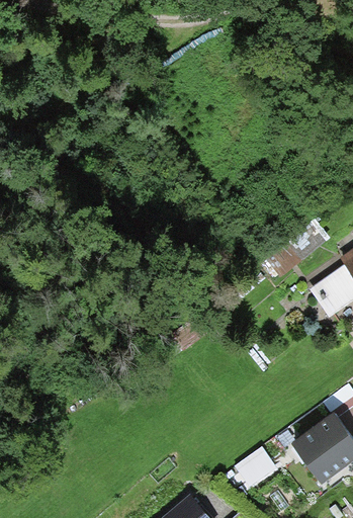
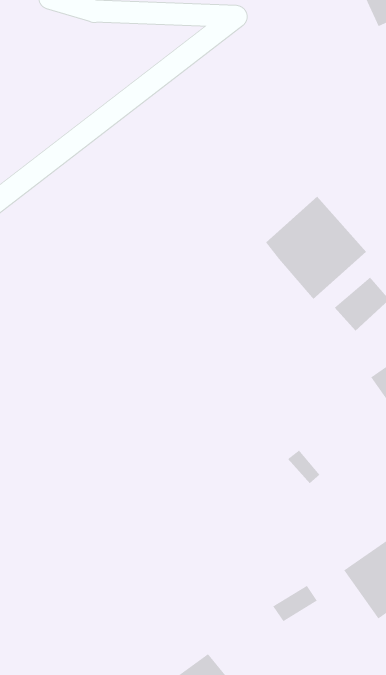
building: none -> [265,196,367,300]

